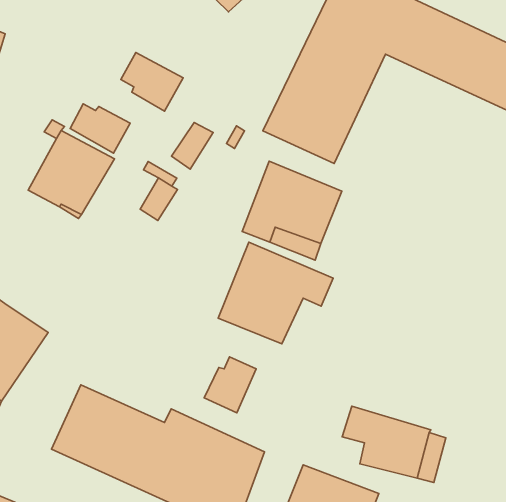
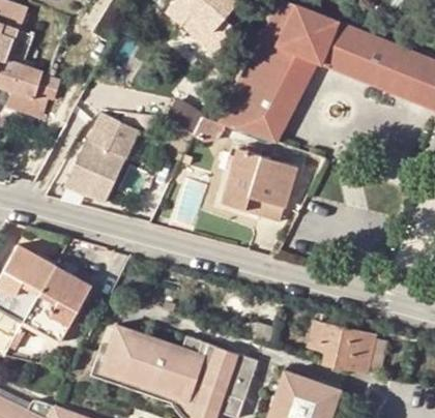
building: [121,53,183,111] -> none
building: [218,242,333,344] -> none
building: [204,357,256,413] -> none

